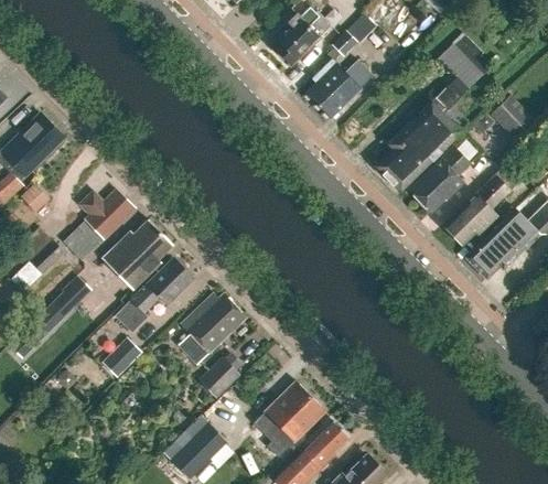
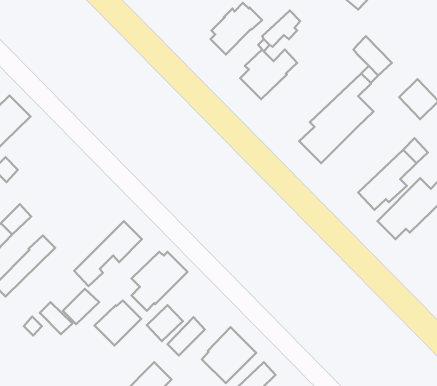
building: [409,147,471,212] -> none
building: [63,189,135,254] -> none
building: [103,219,173,290] -> none
building: none -> [95,300,141,346]
building: none -> [40,302,72,334]
building: none -> [167,317,205,356]

